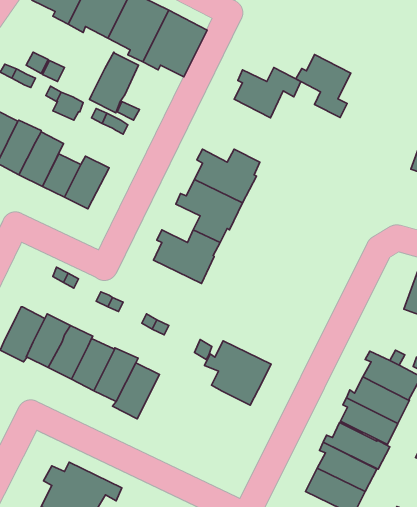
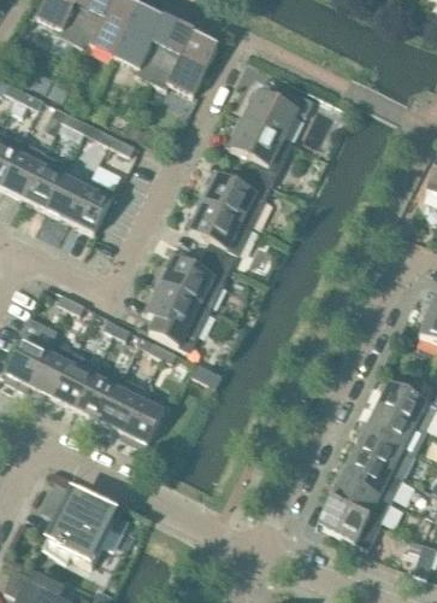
building: [89,52,138,113] -> none
building: [296,54,351,117] -> [224,118,280,183]
building: [204,341,271,405] -> [141,285,209,351]

